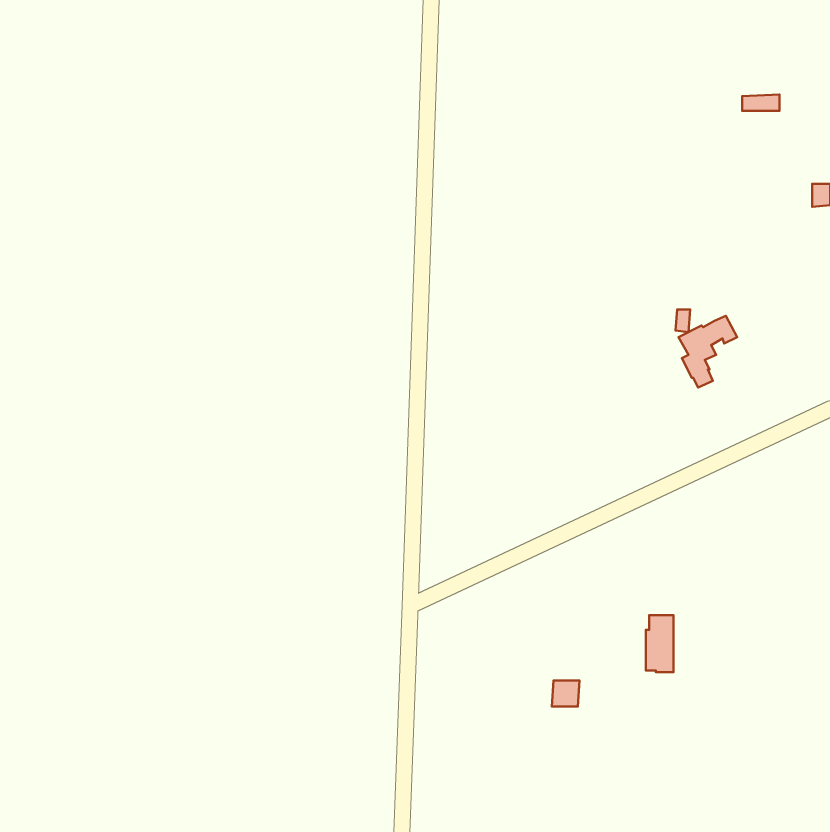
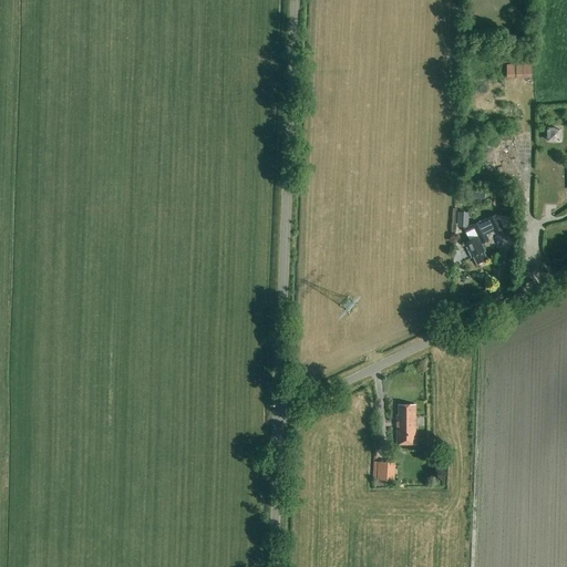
building: [646,615,674,672] -> [395,405,414,444]

